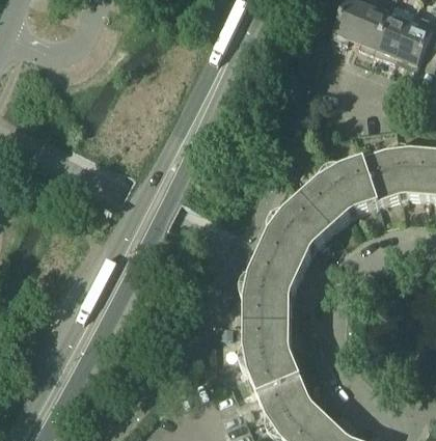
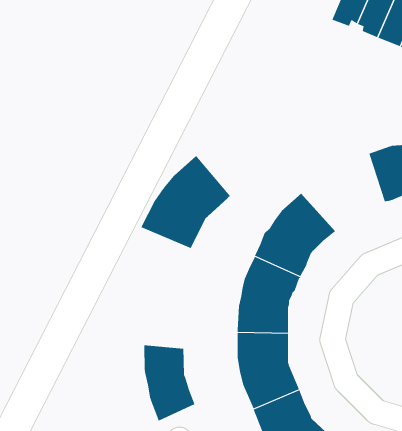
building: [301,157,378,228] -> none
building: none -> [141,155,231,249]
building: none -> [144,344,195,422]

